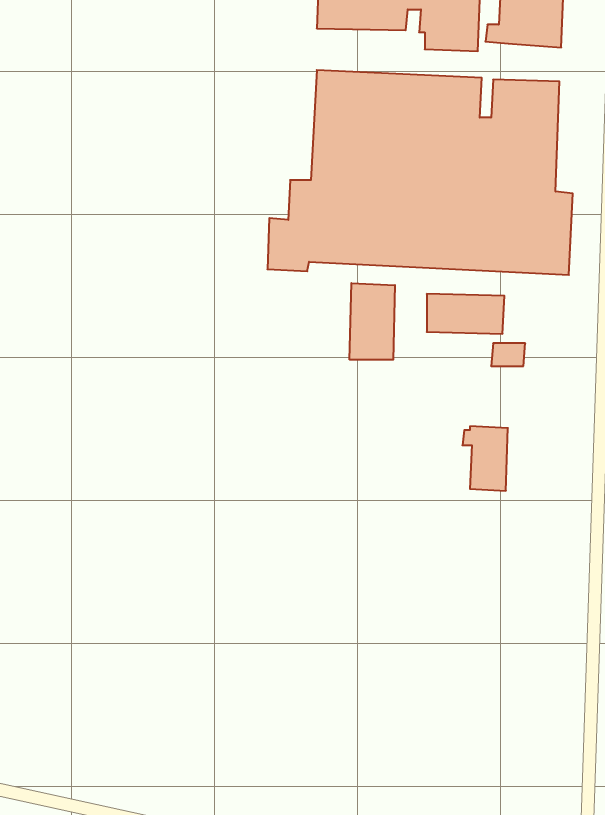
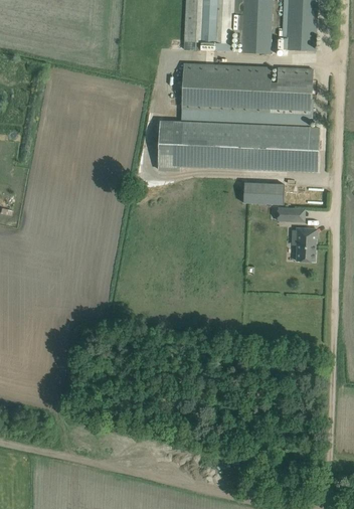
building: [350,283,395,360] -> none
building: [462,426,508,491] -> [291,226,315,261]

